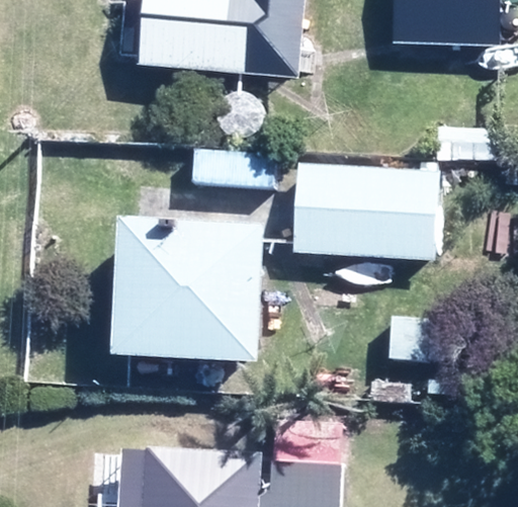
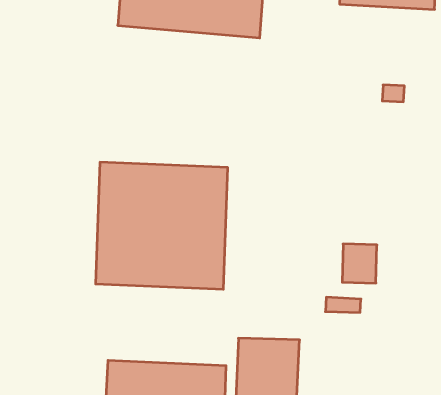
building: [293,163,440,260] -> none

